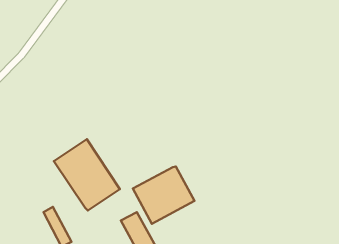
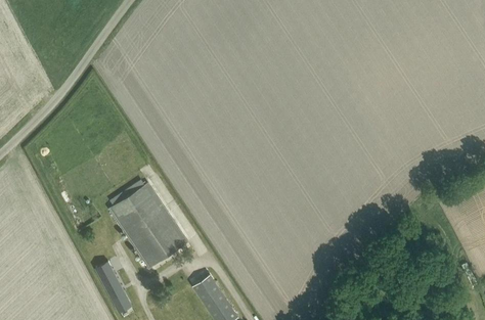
building: [133,166,195,224] -> none

